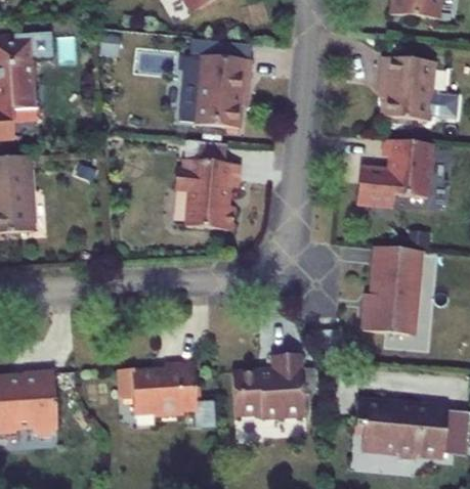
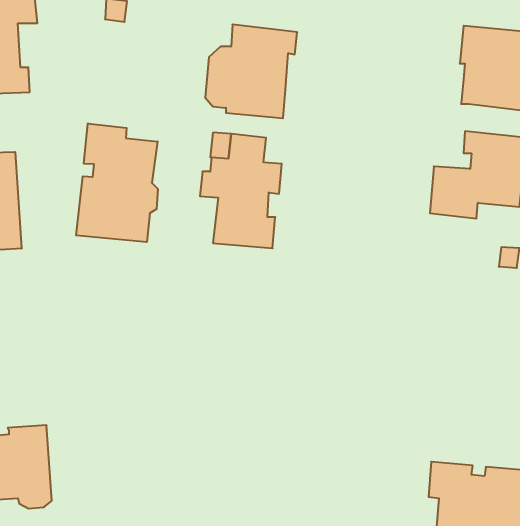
building: none -> [76,123,158,242]
building: [362,244,423,335] -> none
building: [233,353,304,418] -> none
building: [117,360,202,416] -> none

